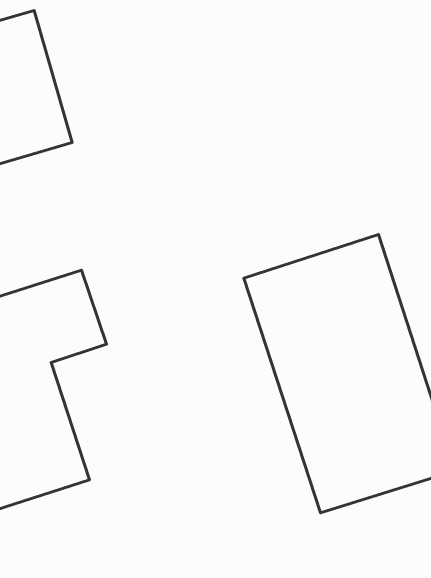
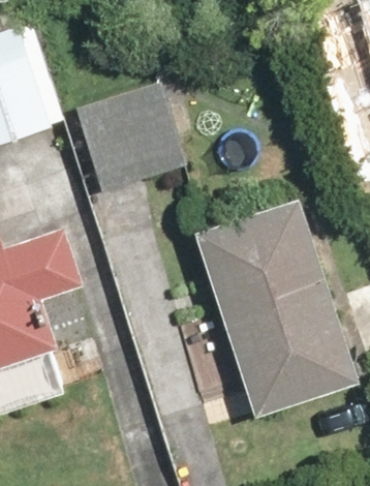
building: none -> [74,80,190,188]

